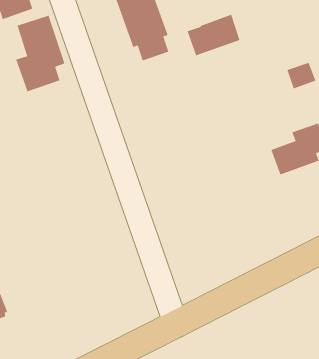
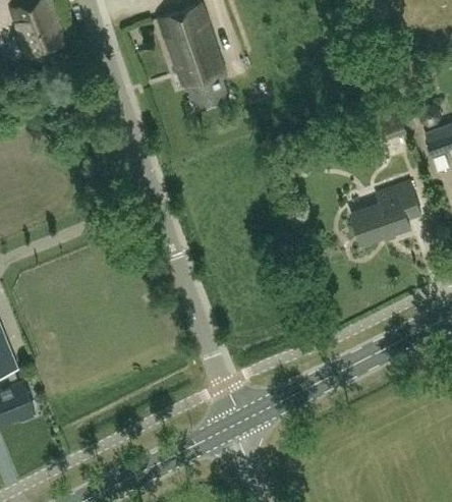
building: [187,14,240,56] -> none
building: [15,15,65,92] -> none

